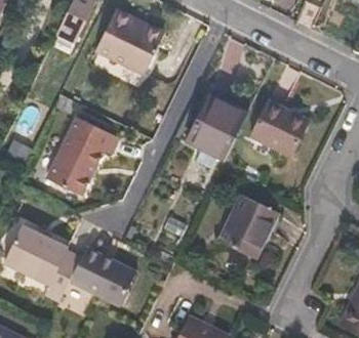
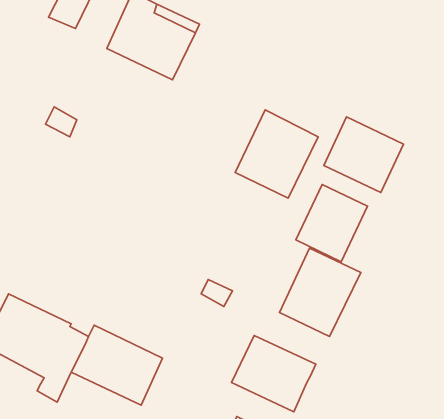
building: [44,117,117,197] -> none
building: none -> [296,184,367,262]
building: none -> [231,336,316,412]

